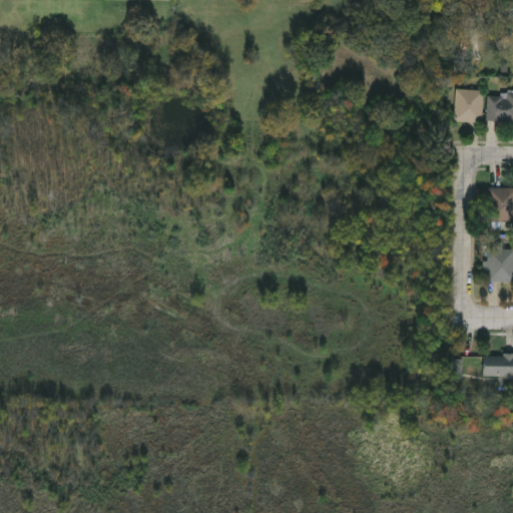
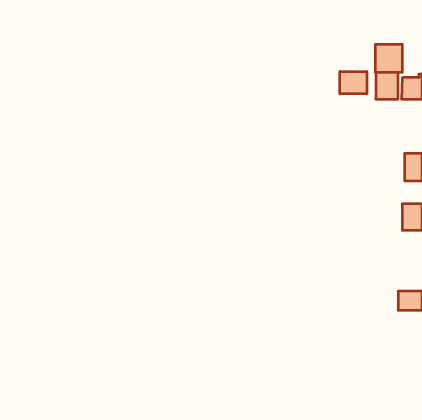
building: none -> [375,44,402,72]
building: none -> [340,71,367,94]

